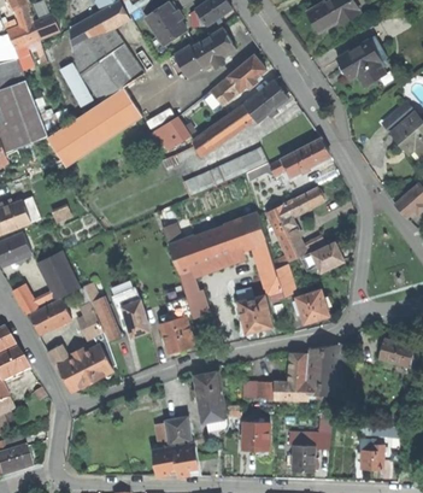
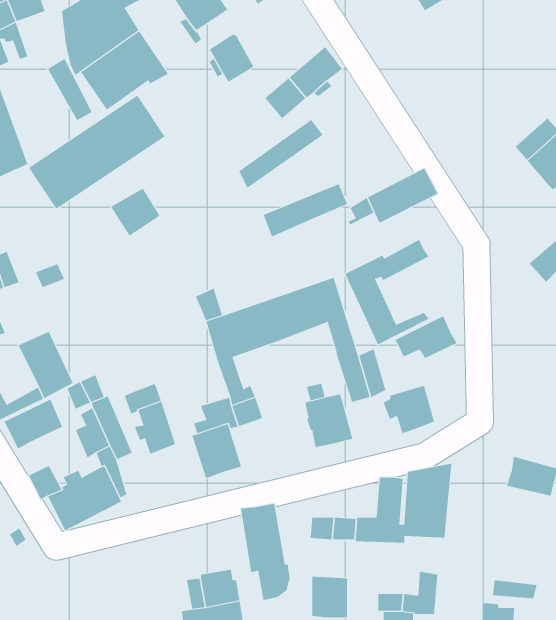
building: [192,29,236,69] -> none
building: [337,40,384,86] -> none
building: [243,81,287,121] -> none
building: [154,117,189,151] -> [110,188,161,236]

